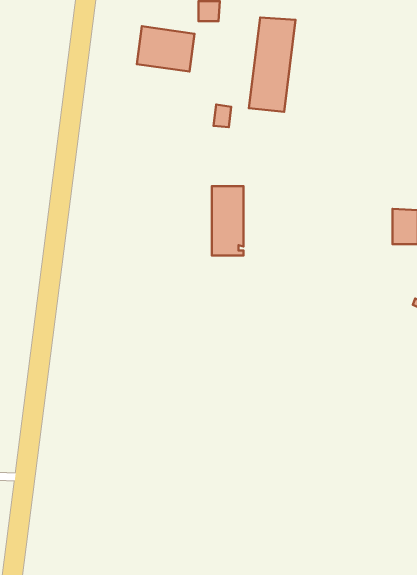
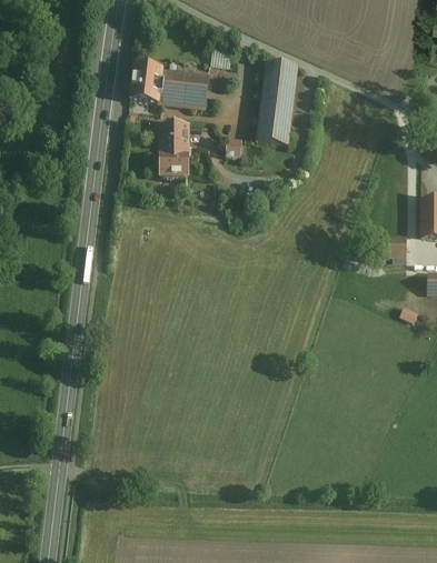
building: none -> [131,66,162,101]
building: [212,186,243,255] -> [160,121,188,182]

